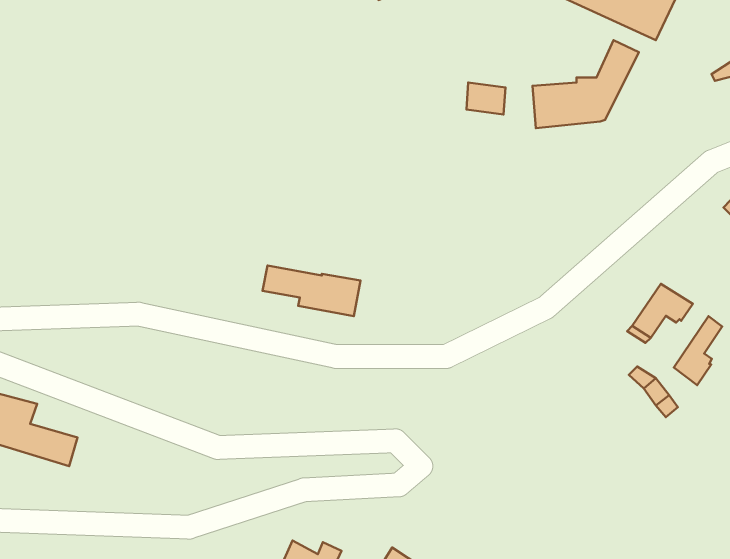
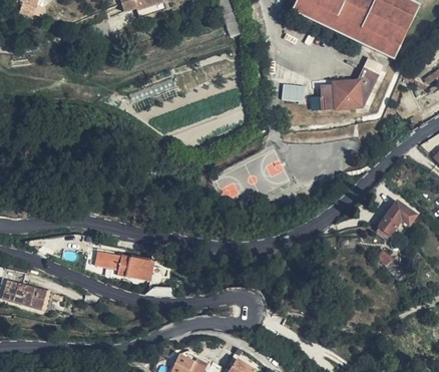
building: [263,265,361,316] -> [96,251,154,281]
building: [674,316,722,385] -> none

